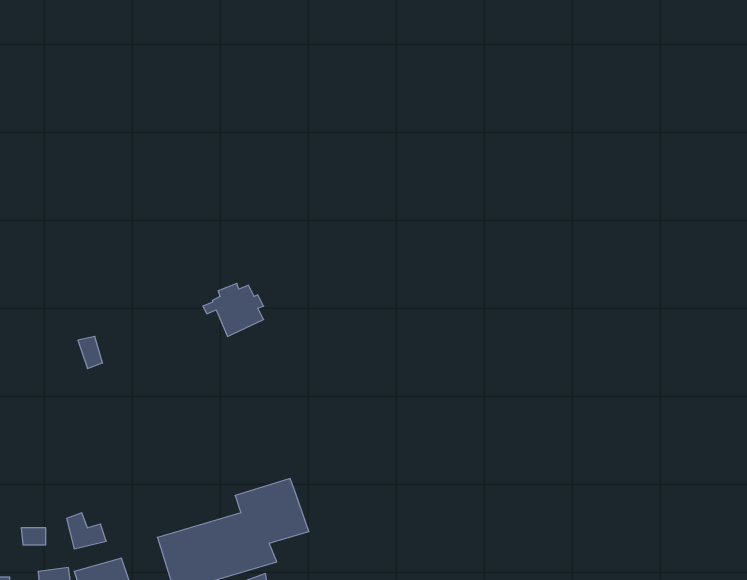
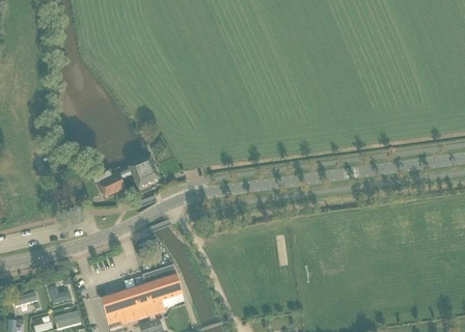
building: none -> [95,172,122,198]

